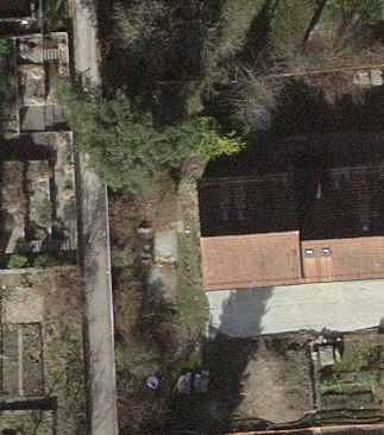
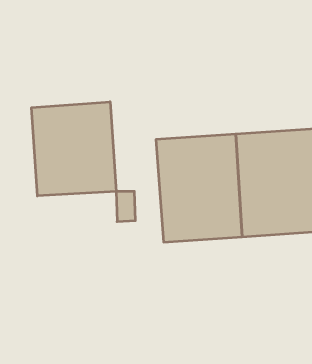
building: none -> [32,102,116,196]

